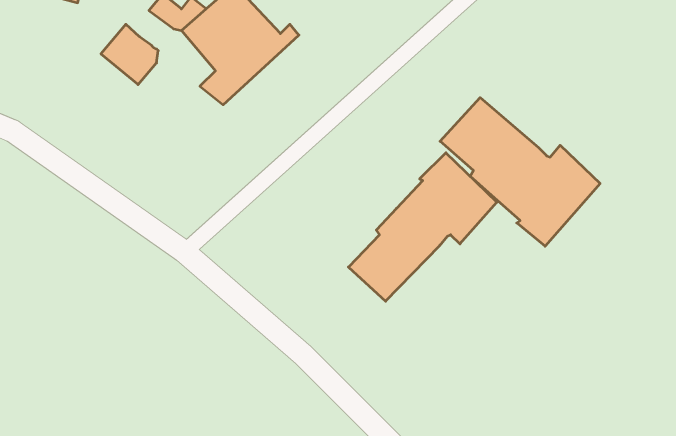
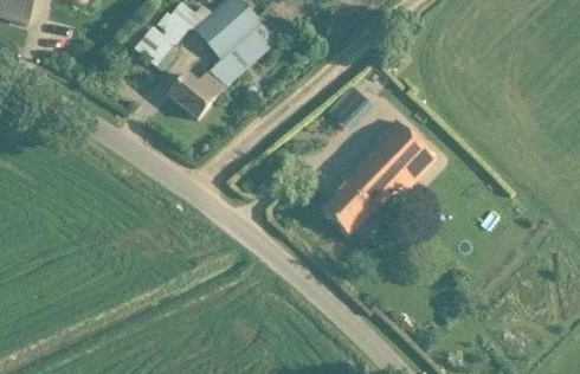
building: none -> [169,71,226,118]
building: [440,98,600,246] -> none

